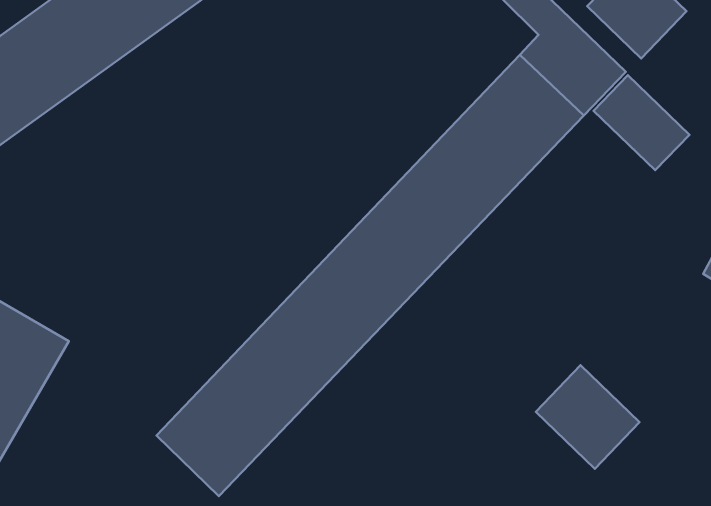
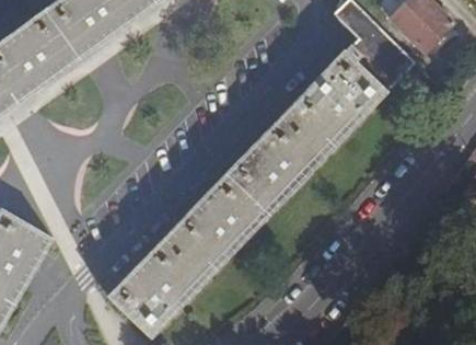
building: [594,75,689,170] -> none
building: [536,365,640,469] -> none

